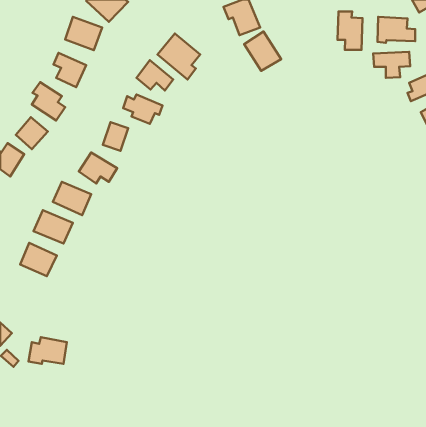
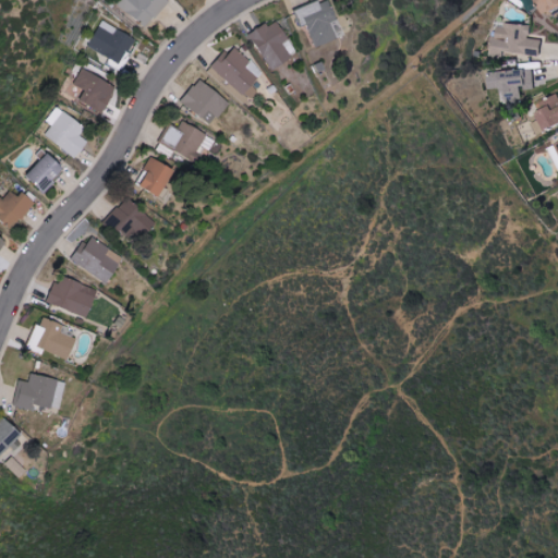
building: [338,11,363,50] -> none
building: [244,31,281,71] -> [248,17,296,69]
building: [28,337,67,364] -> [13,374,63,409]

